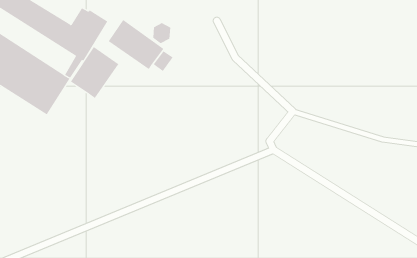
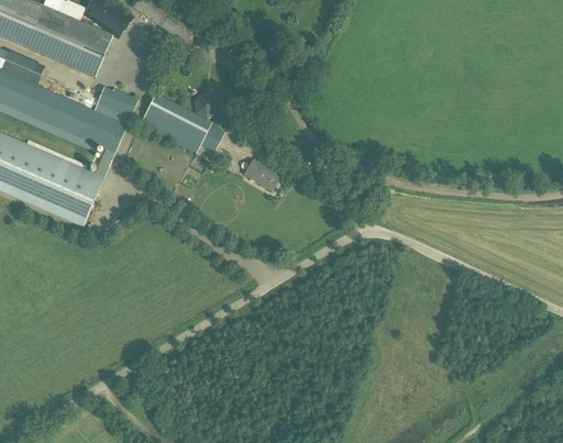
building: [70,46,119,99] -> none
building: none -> [243,158,278,189]

